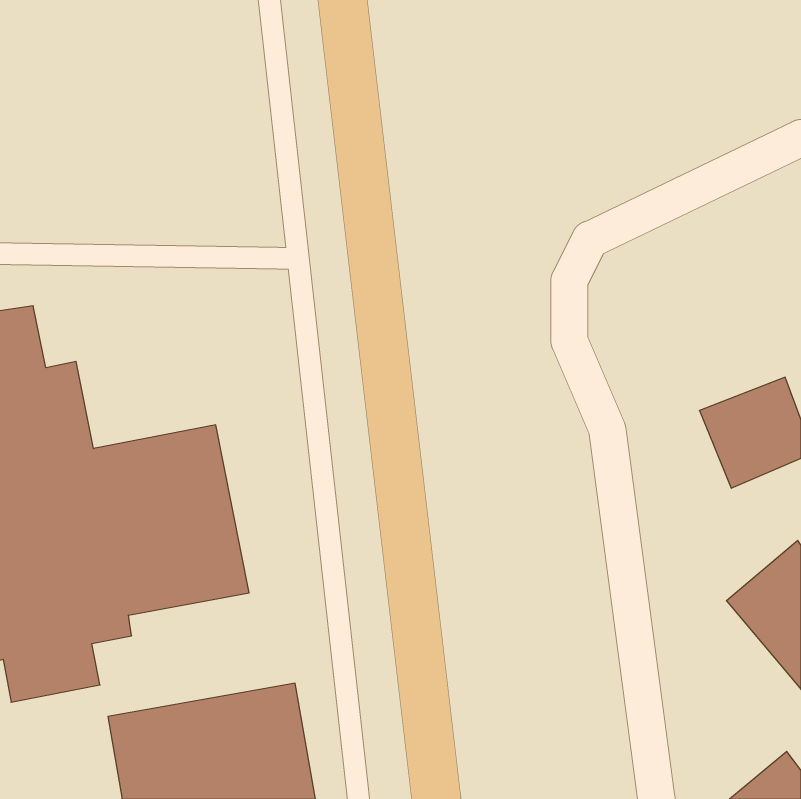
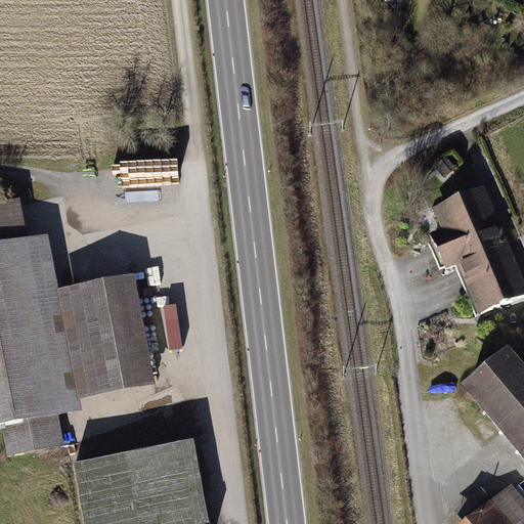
building: none -> [433,182,507,266]

